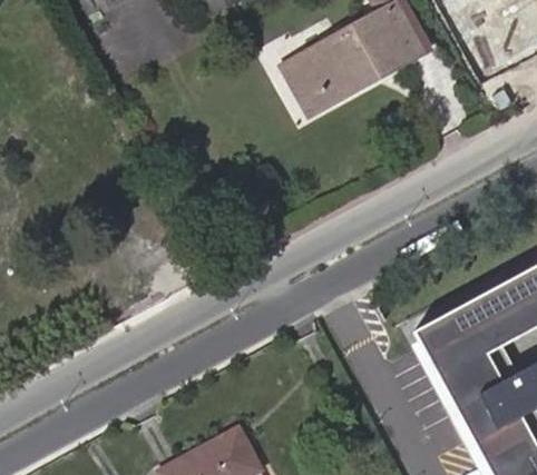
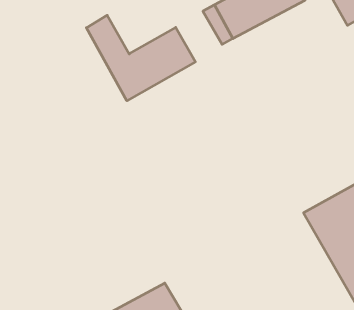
building: none -> [86,15,195,101]

